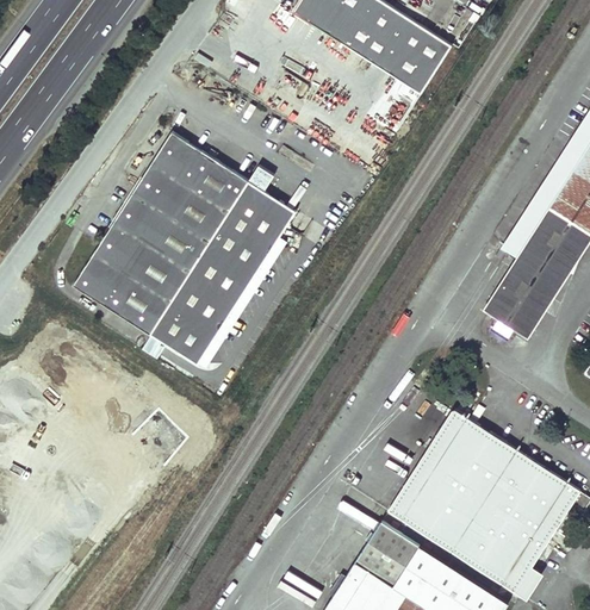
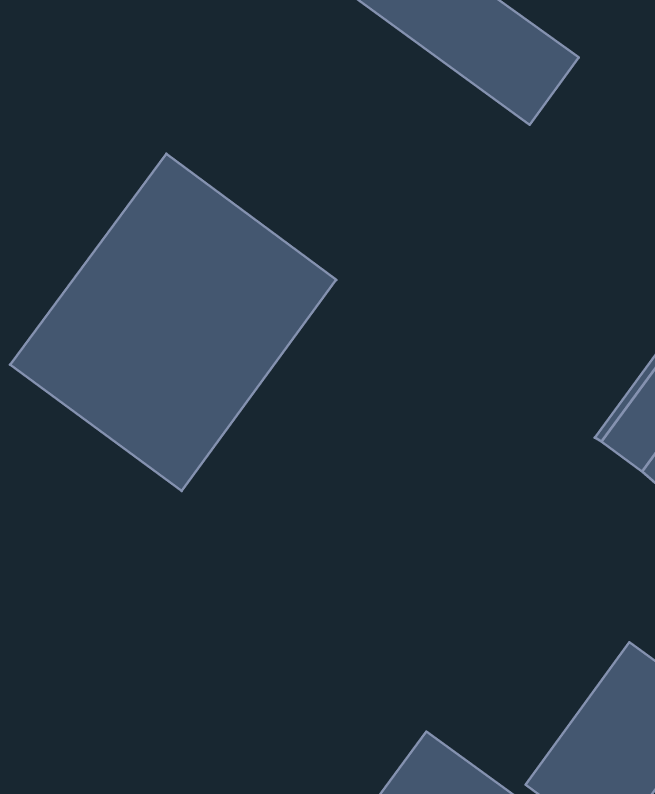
building: [386,410,516,554] -> none

